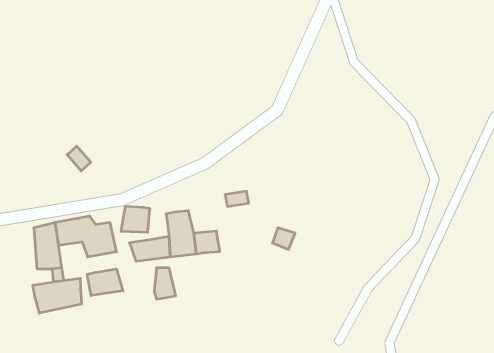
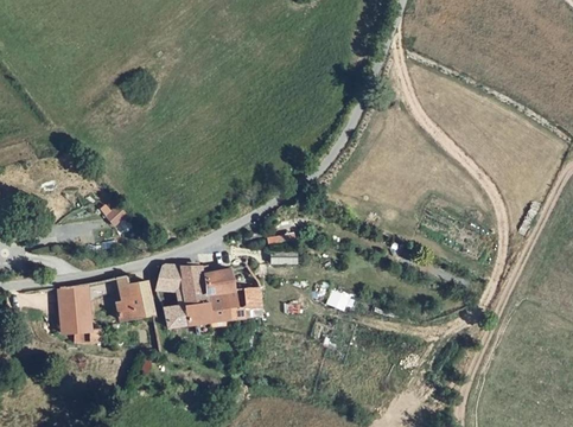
building: [154,268,176,299] -> [185,267,209,301]
building: [87,269,123,296] -> none
building: [33,278,82,313] -> none

